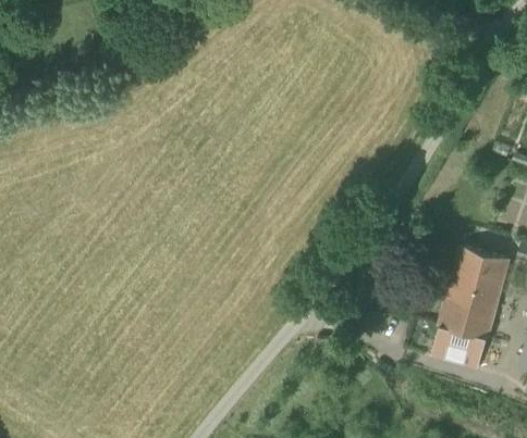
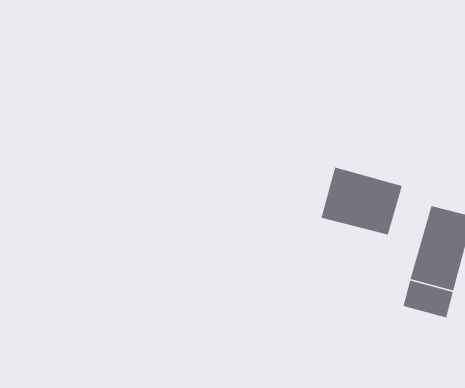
building: none -> [320,166,403,236]

